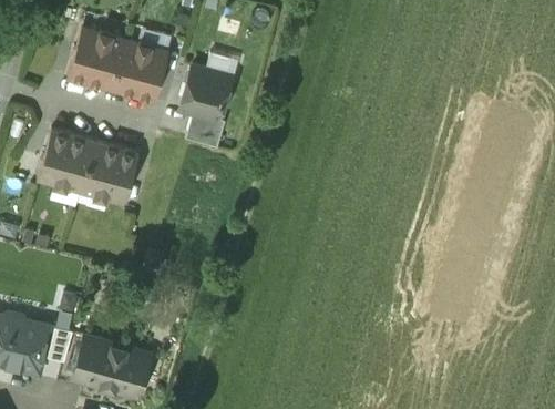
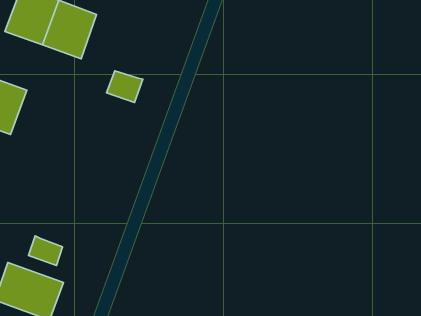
building: [179,64,230,119] -> none
building: [80,140,138,204] -> none
building: none -> [28,236,63,266]

